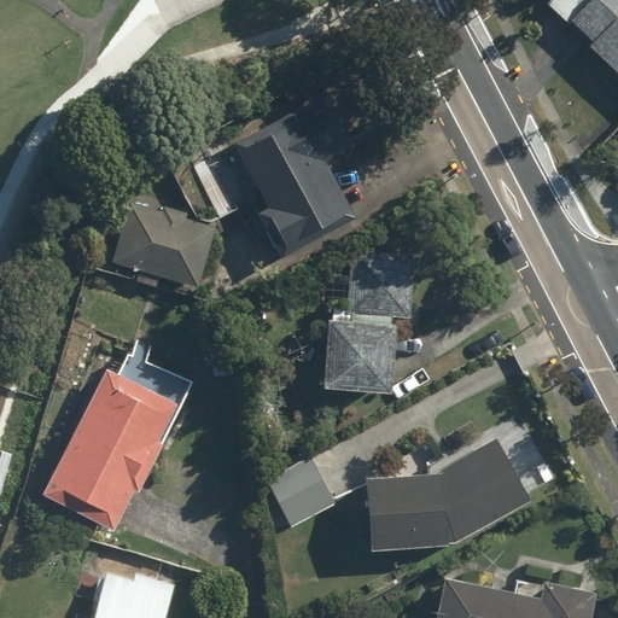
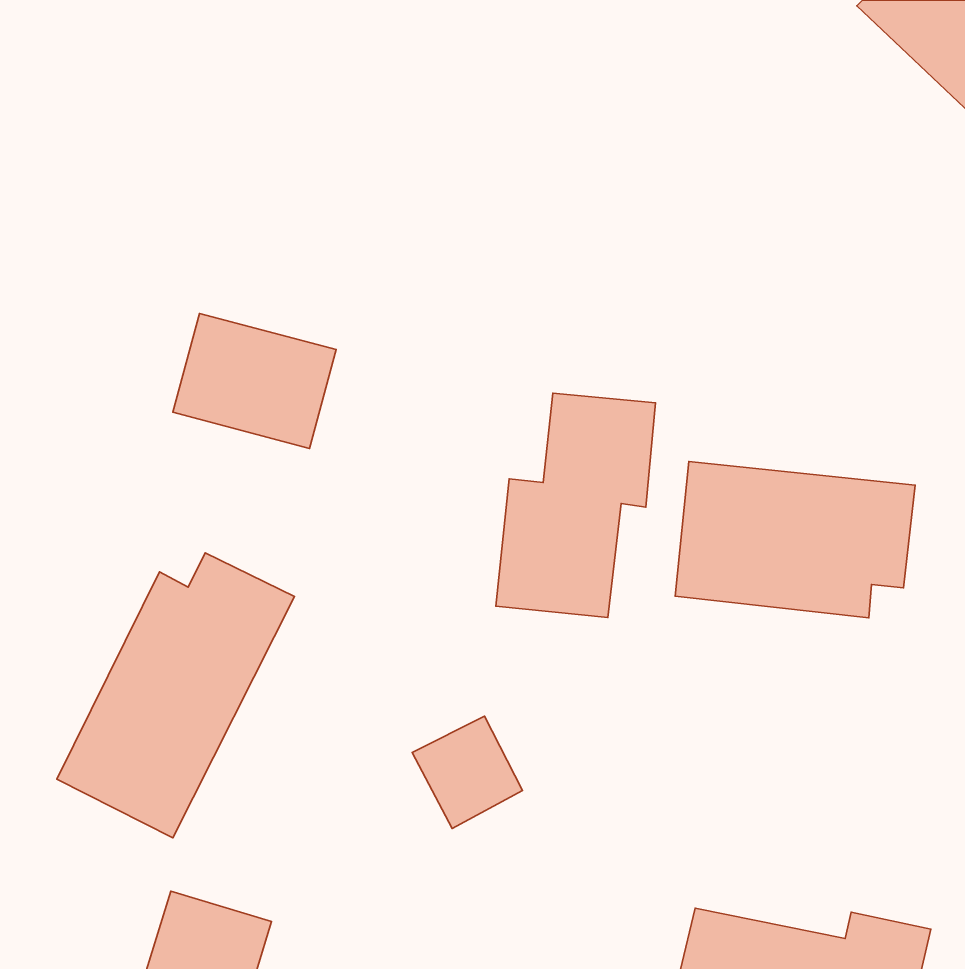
building: [237,93,366,261] -> none
building: none -> [675,462,915,618]
building: [367,439,532,550] -> none

